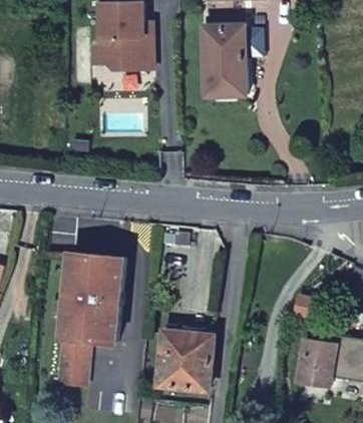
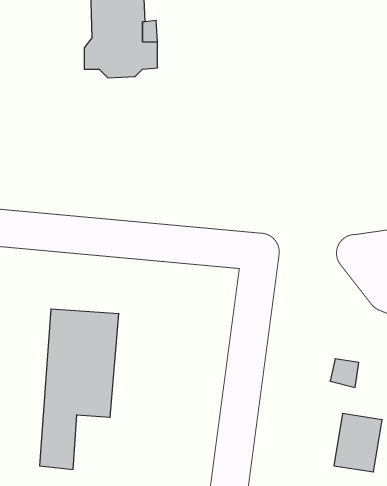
building: [205,25,245,95] -> none
building: [157,332,213,388] -> none

